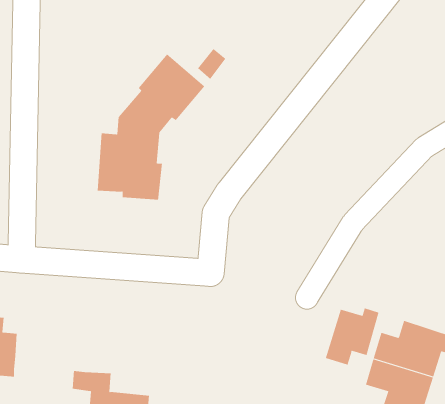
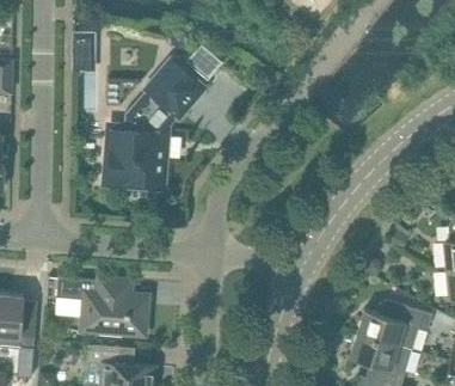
building: none -> [55,278,145,337]
building: [325,308,379,365] -> none

